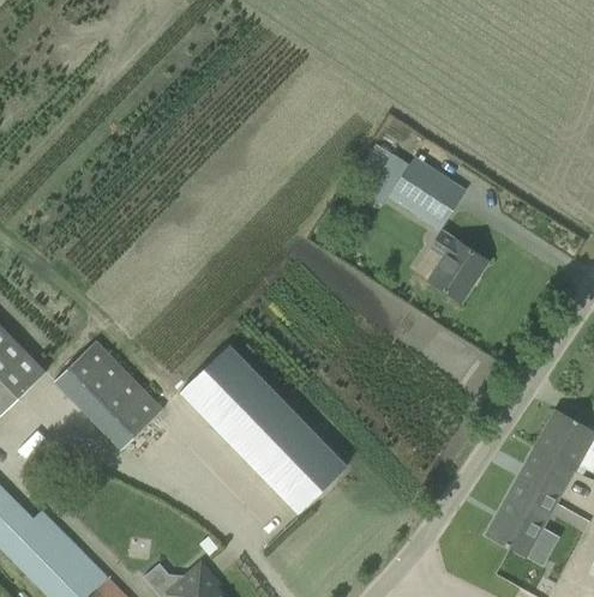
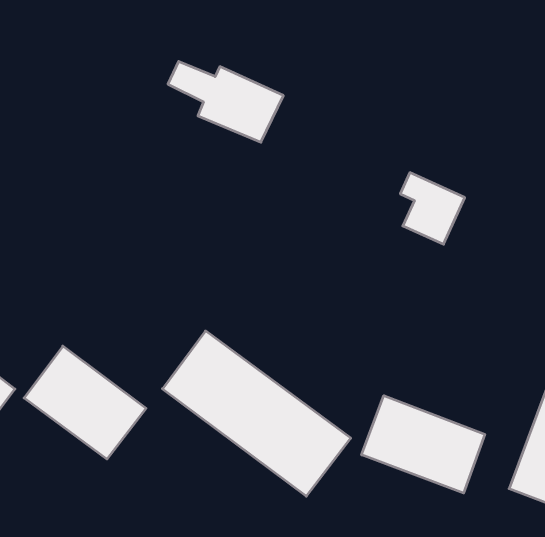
building: [362,144,467,230] -> [168,61,283,142]
building: none -> [362,396,485,493]

